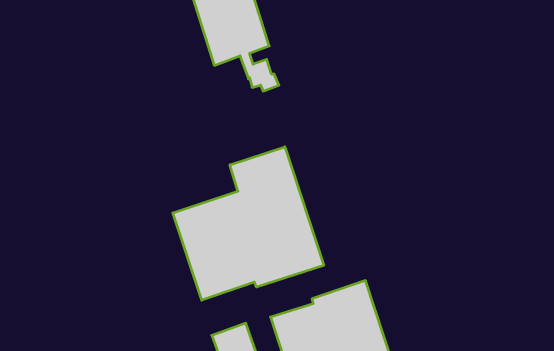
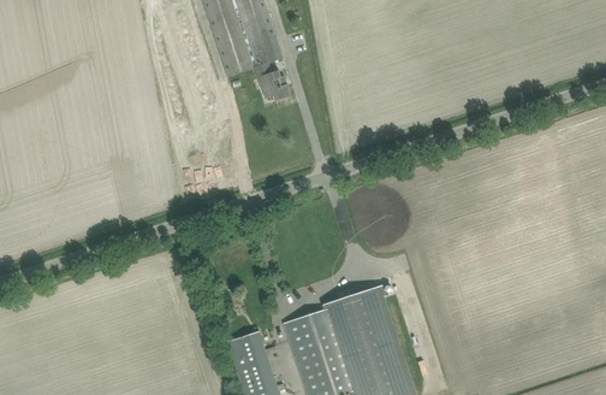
building: [173,147,324,300] -> none

